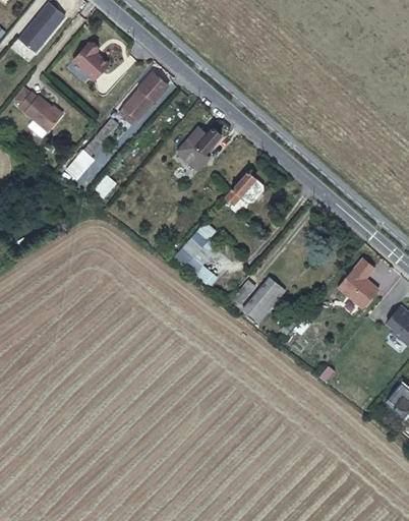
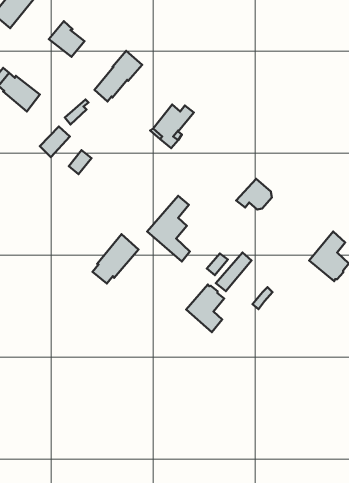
building: [227,172,264,204] -> [236,179,272,210]
building: none -> [92,234,139,283]
building: none -> [186,284,224,332]

